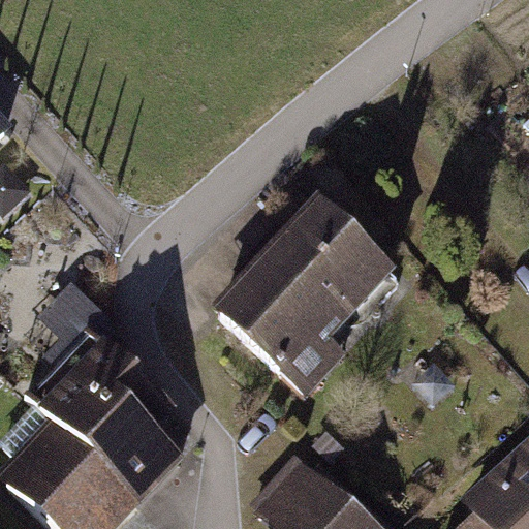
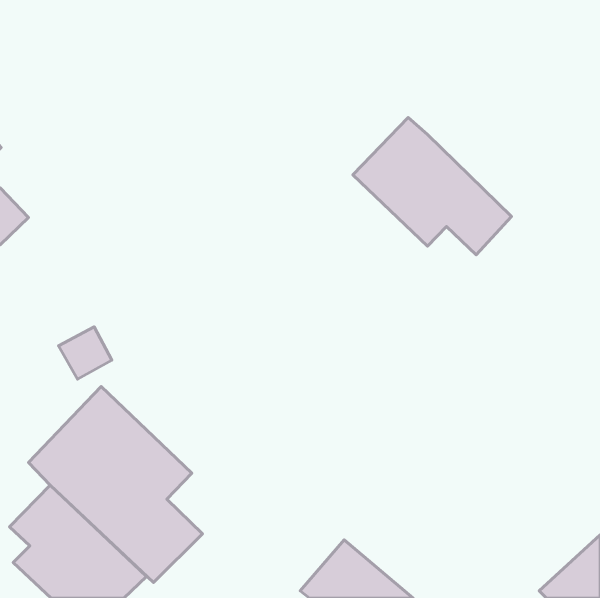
building: none -> [353,118,512,255]
building: [230,222,385,378] -> none

